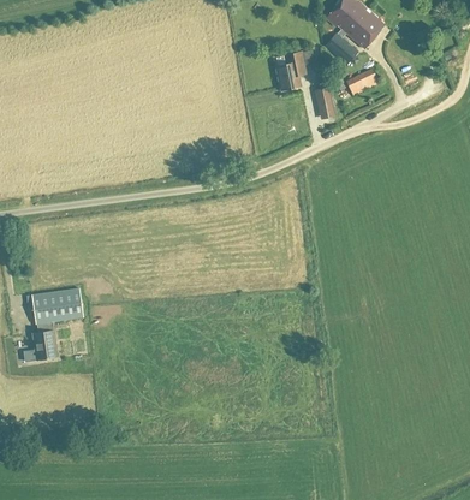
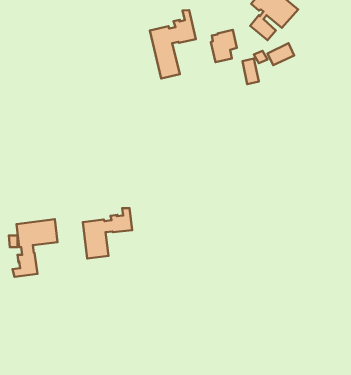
building: none -> [150,10,196,79]
building: none -> [83,208,132,259]

